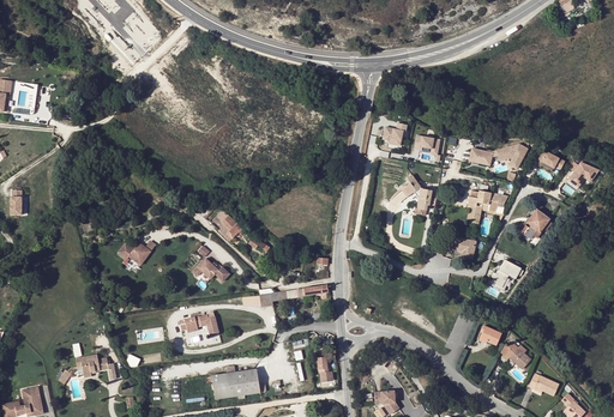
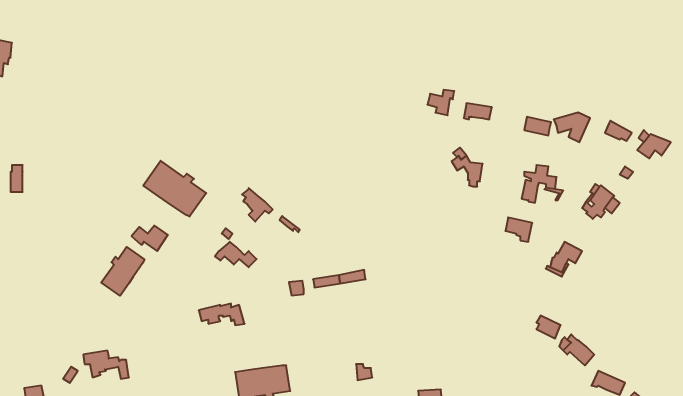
building: none -> [143,161,206,217]
building: none -> [101,247,144,296]

